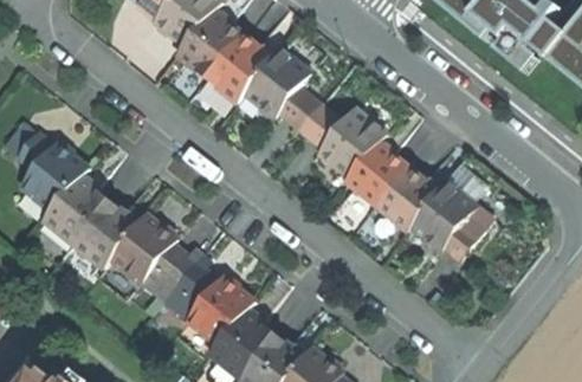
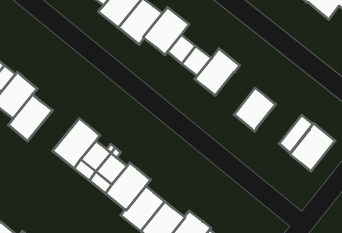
building: [345,143,408,206] -> none
building: [410,181,477,252] -> [290,123,335,171]
building: [73,200,140,268] -> none

